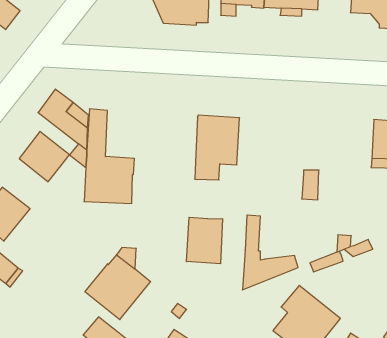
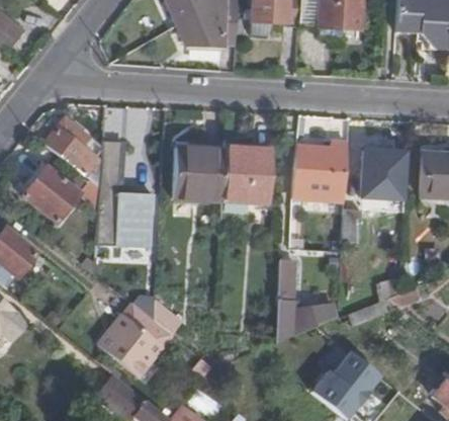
building: none -> [292,142,347,202]
building: none -> [173,146,224,198]
building: none -> [361,149,408,189]
building: [186,217,222,264] -> none

